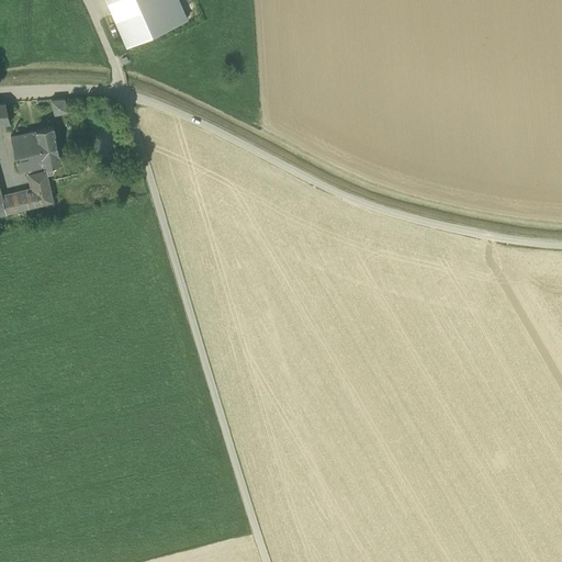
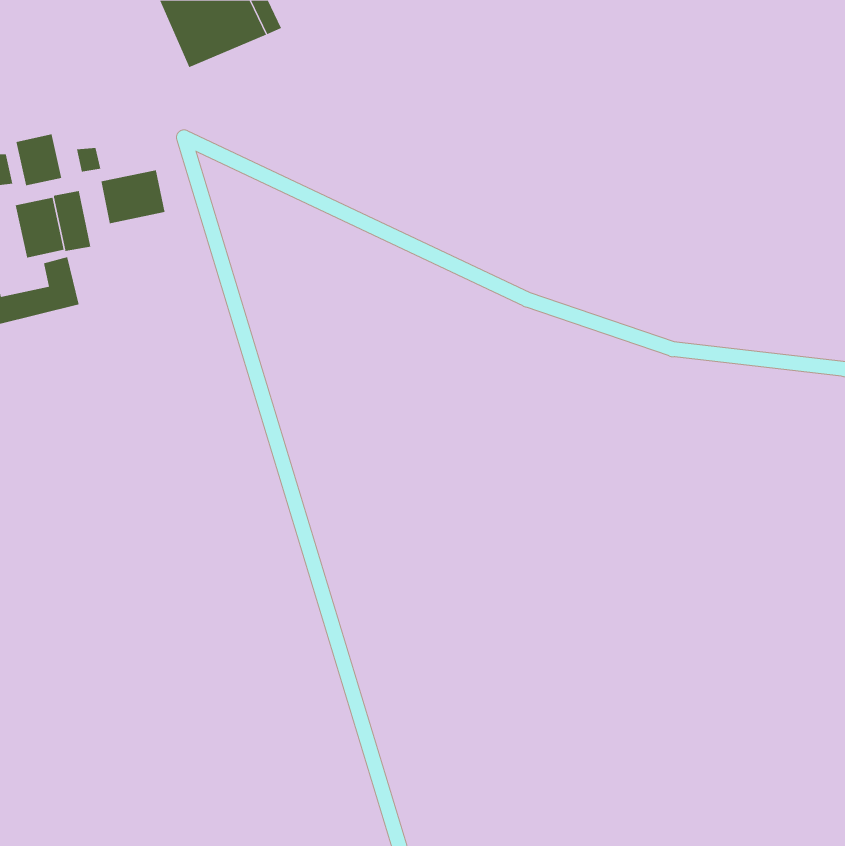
building: none -> [16,134,62,186]
building: none -> [101,169,165,224]

